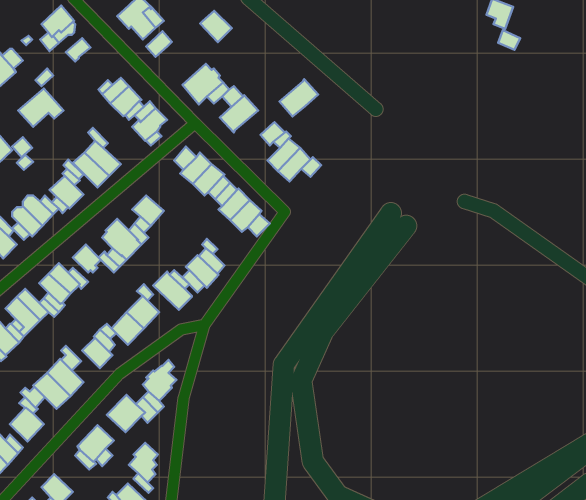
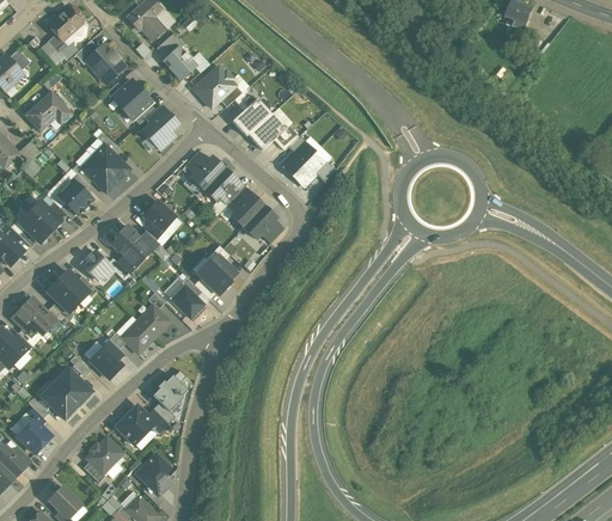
building: [200,11,232,42] -> [164,48,196,80]
building: none -> [87,45,123,81]
building: [280,79,318,117] -> [247,111,287,149]

